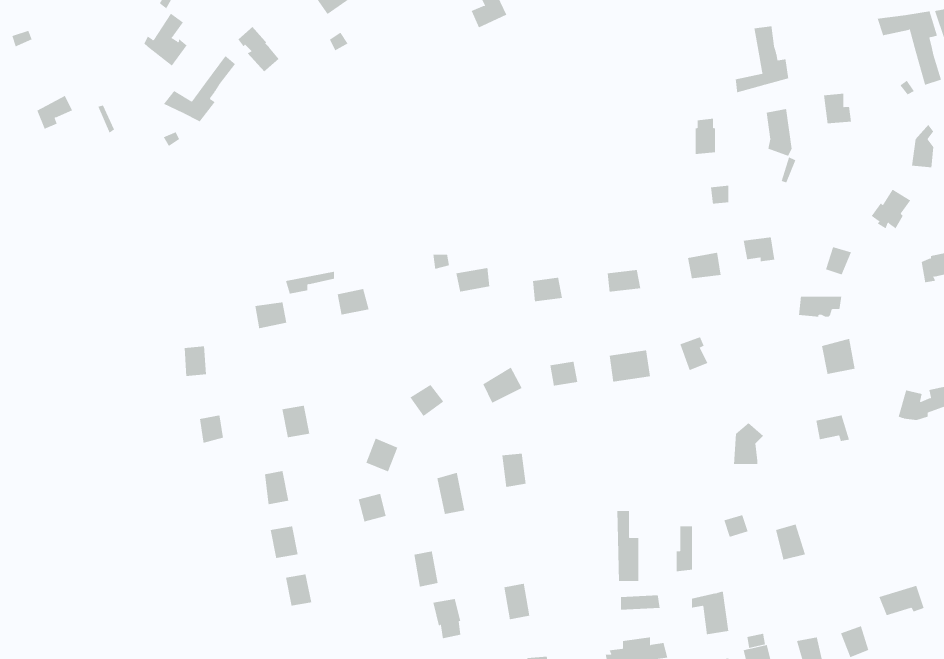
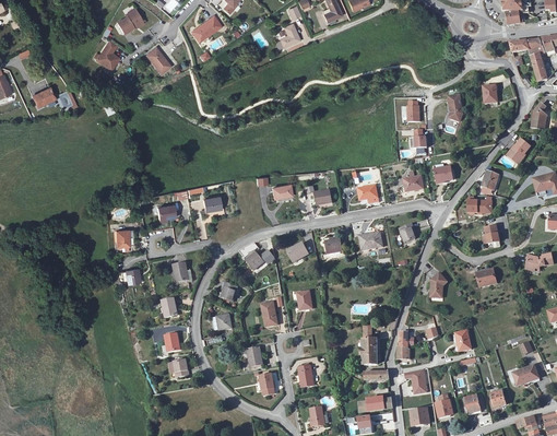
building: [735,25,789,93] -> none
building: [163,55,236,122] -> none

